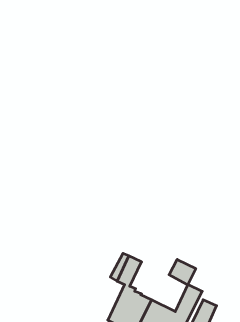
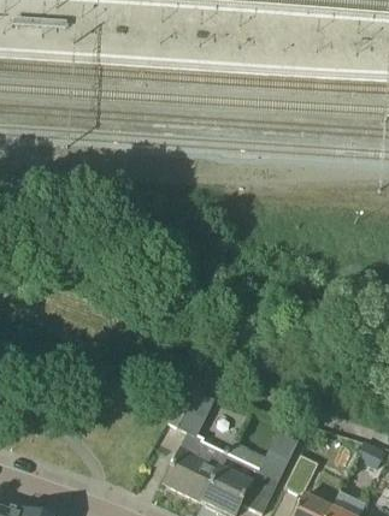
building: [169,259,196,285] -> none

